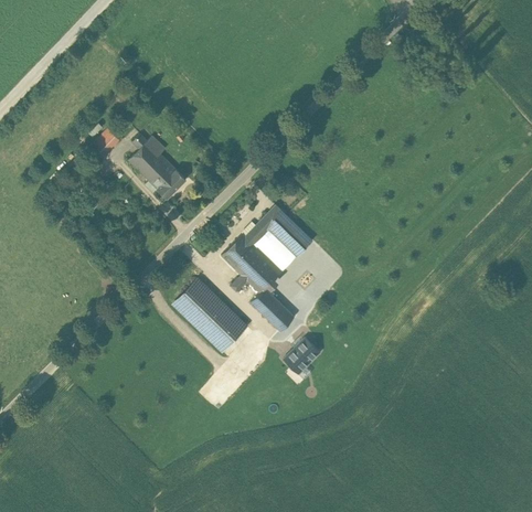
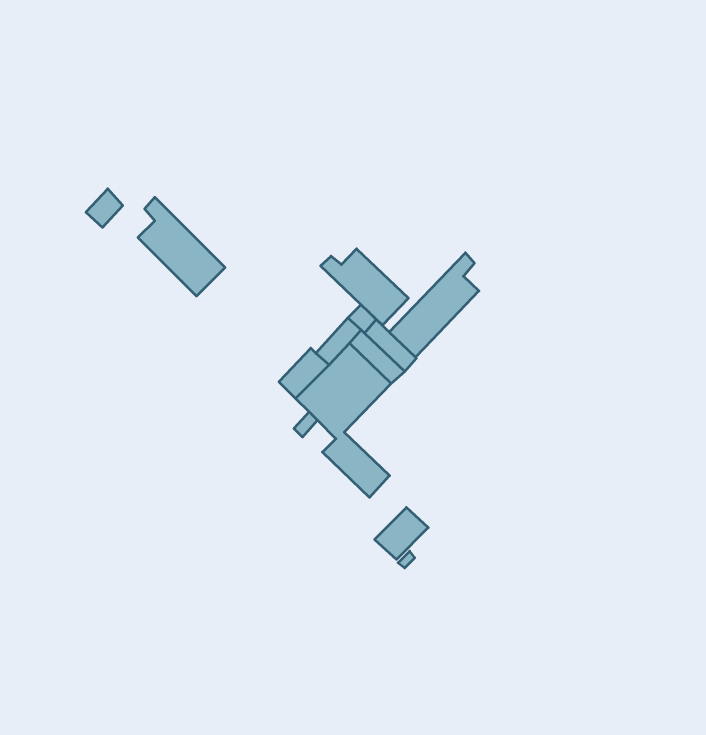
building: none -> [321,249,408,325]
building: none -> [389,253,479,357]
building: [174,280,247,352] -> none

